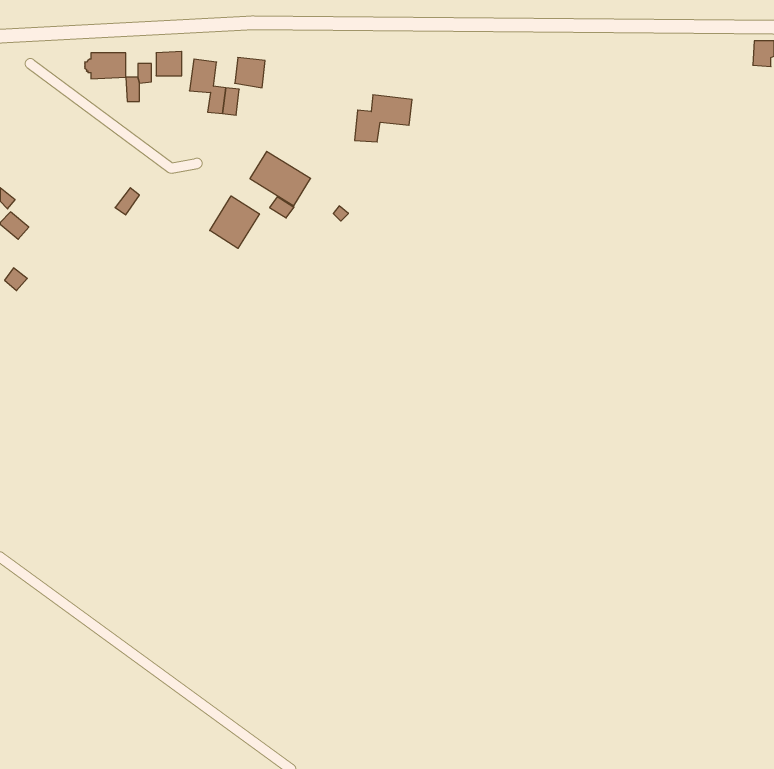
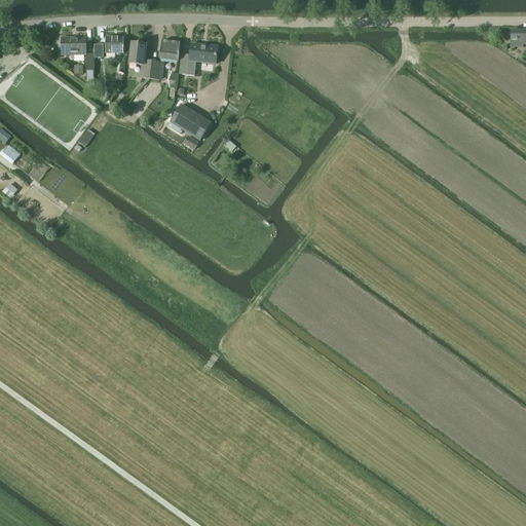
building: [355,95,412,142] -> [179,42,218,74]
building: [210,196,259,248] -> none

